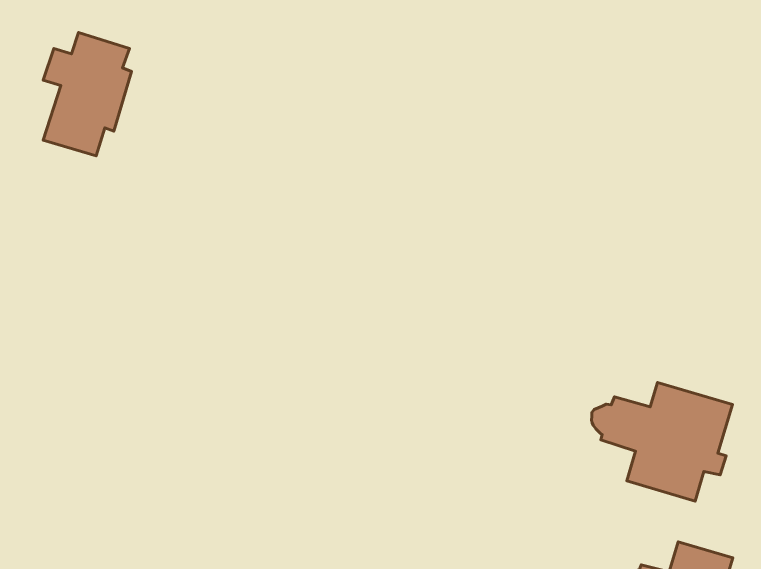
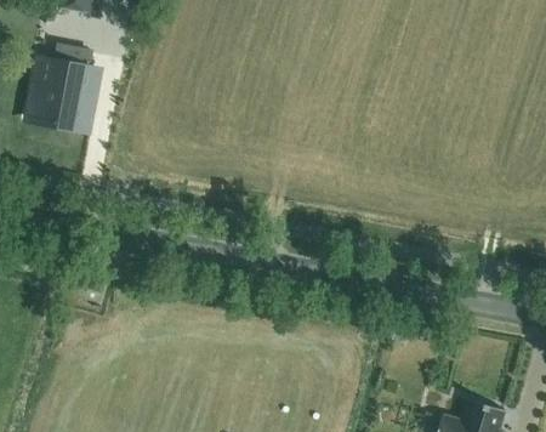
building: [591,382,733,501] -> none

